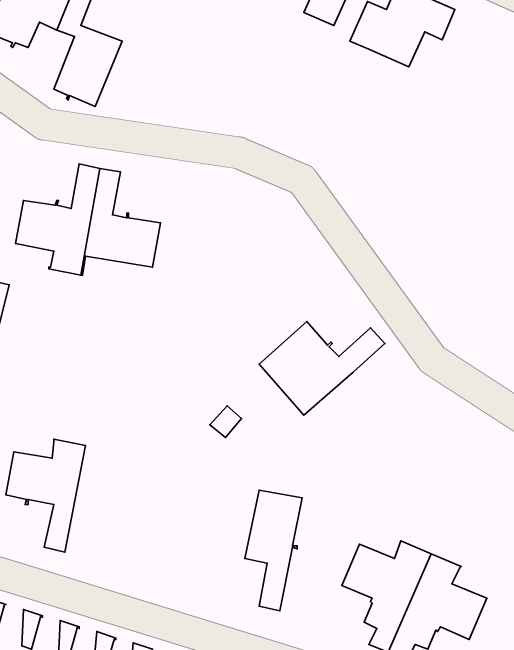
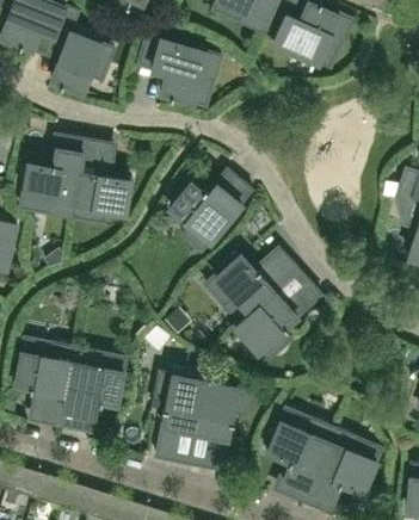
building: none -> [152,39,222,104]
building: none -> [170,181,253,243]
building: none -> [235,284,322,353]
building: none -> [60,348,124,431]
building: none -> [156,376,205,463]

